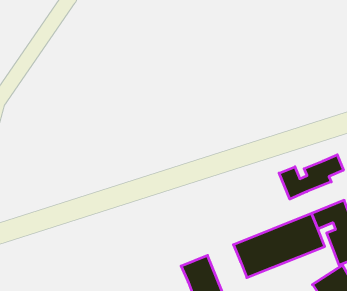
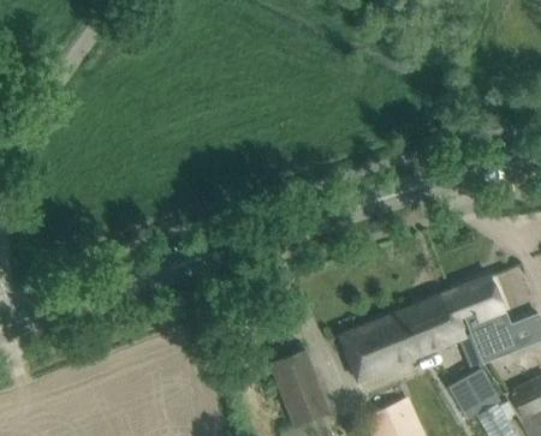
building: [279,155,343,199] -> none

